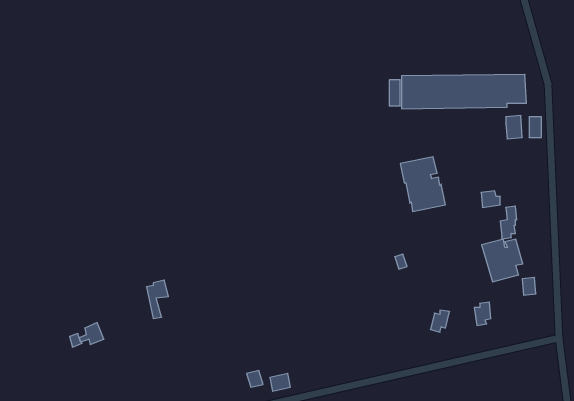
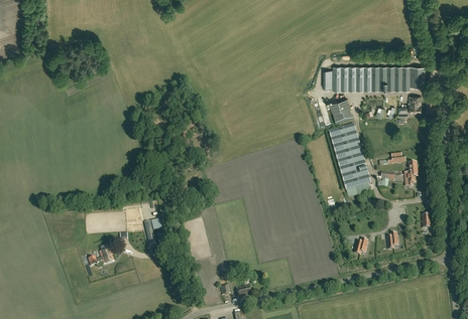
building: none -> [328,98,352,124]
building: [482,239,523,282] -> [341,164,371,195]

